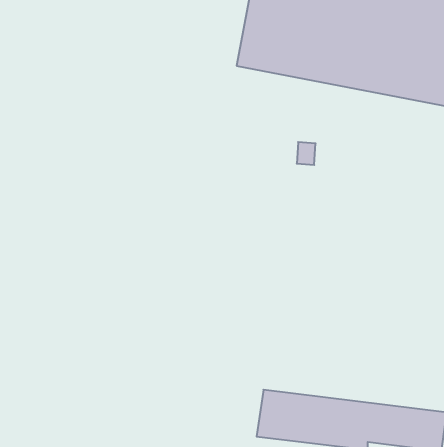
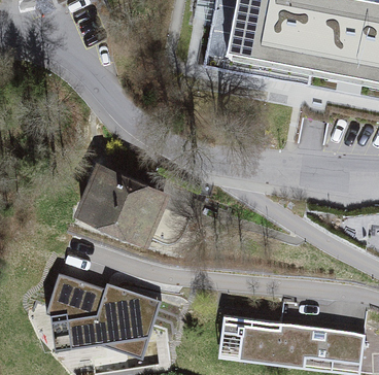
building: none -> [83,172,167,241]
building: none -> [47,274,161,351]

